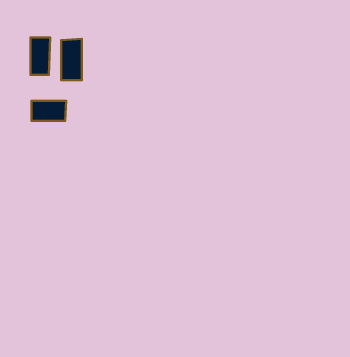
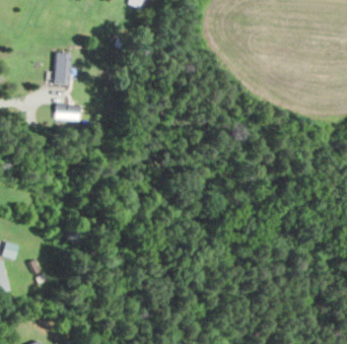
building: [61,39,82,80] -> none

